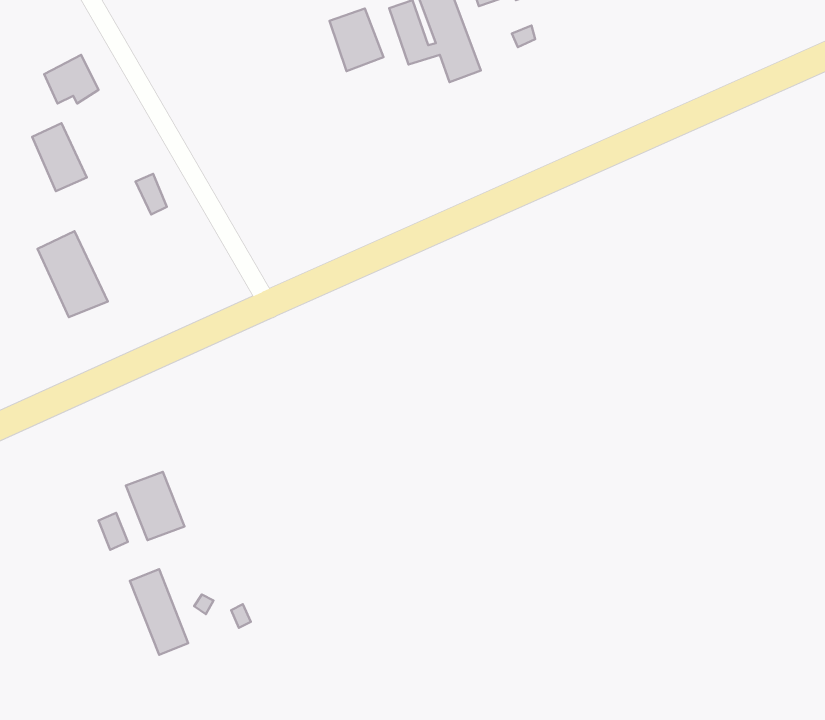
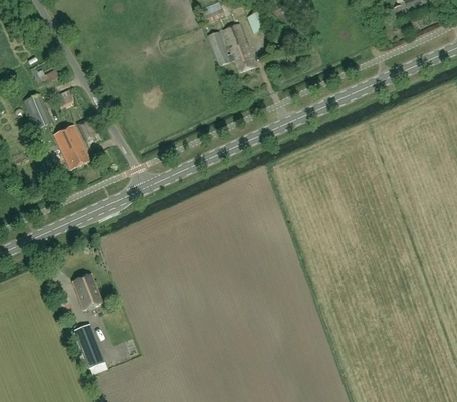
building: [330,8,384,71] -> none
building: [38,231,108,317] -> [54,124,90,168]

